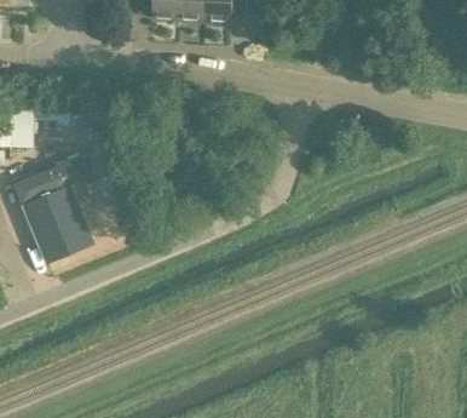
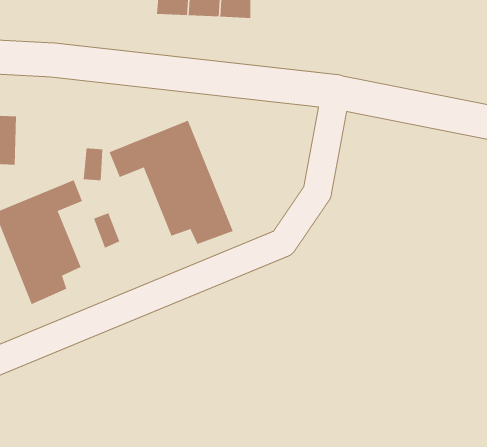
building: none -> [109,120,234,245]

